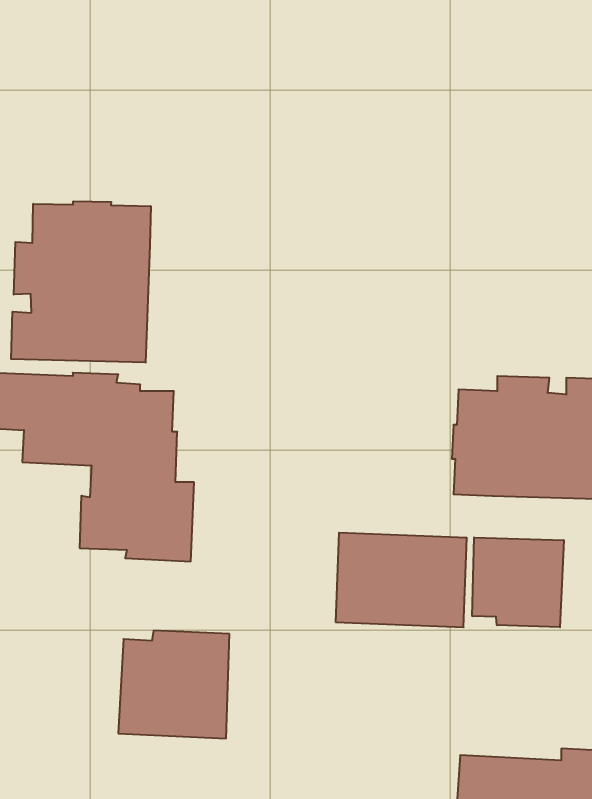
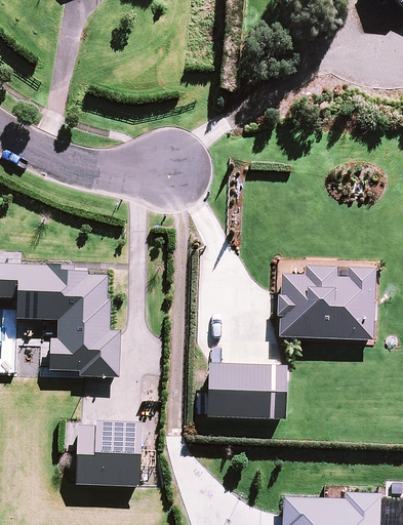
building: [11,201,151,363] -> none
building: [472,537,564,627] -> none

